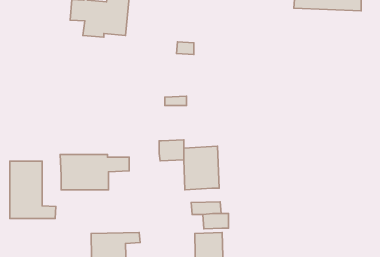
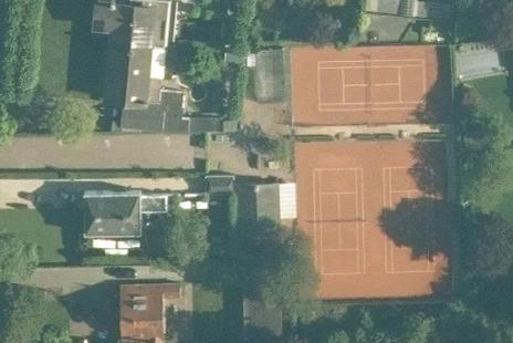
building: none -> [107,44,190,133]
building: [10,161,56,218] -> none

